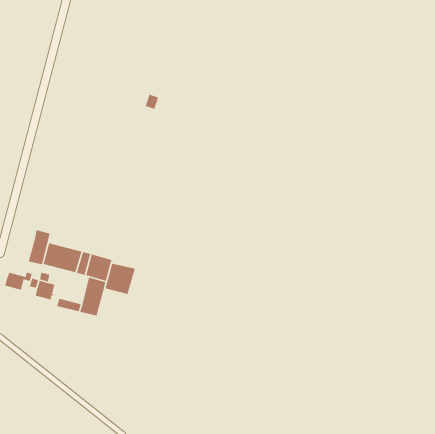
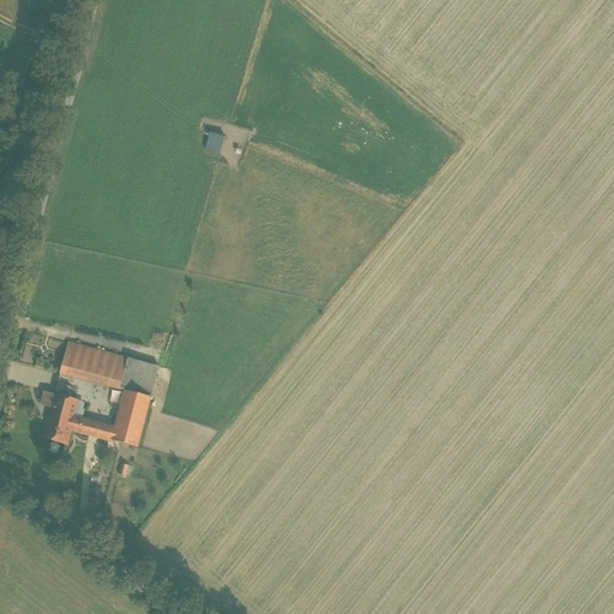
building: [28,229,50,265] -> none
building: [105,263,136,295] -> none
building: [5,272,33,290] -> [43,417,83,444]

